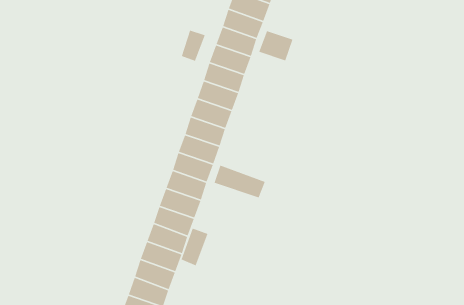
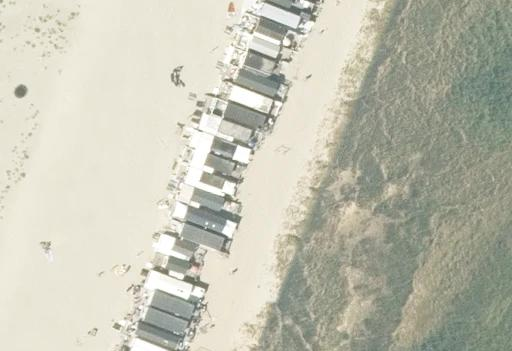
building: [181,29,206,62] -> none
building: [258,30,294,62] -> none
building: [213,165,266,198] -> none
building: [181,228,208,266] -> none

